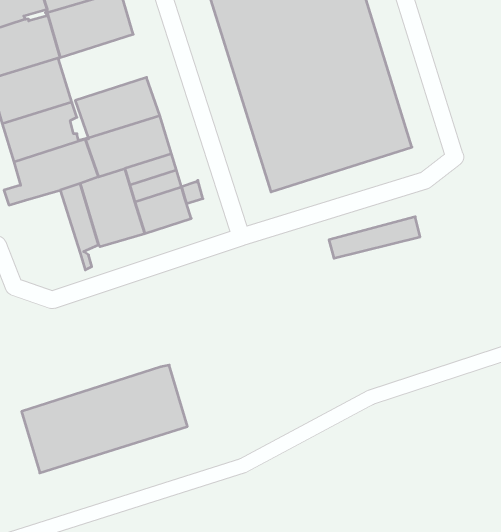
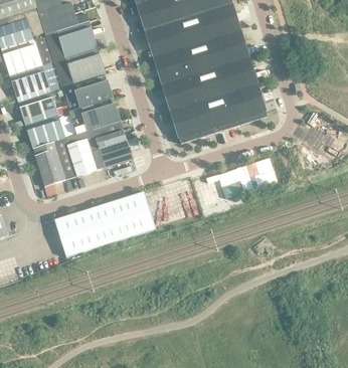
building: none -> [53,47,106,88]
building: none -> [32,142,65,197]
building: [22,365,187,473] -> [54,191,155,256]

